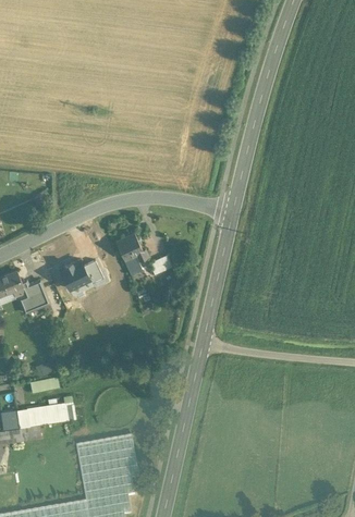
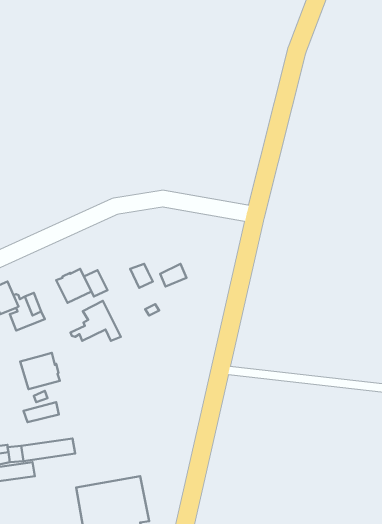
building: [115,233,148,261] -> none
building: none -> [70,301,121,341]
building: none -> [20,353,60,389]

